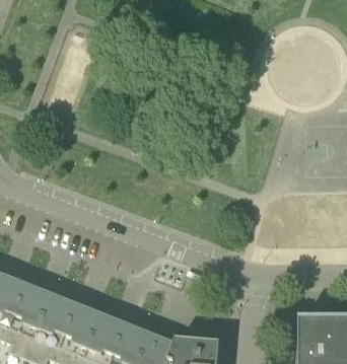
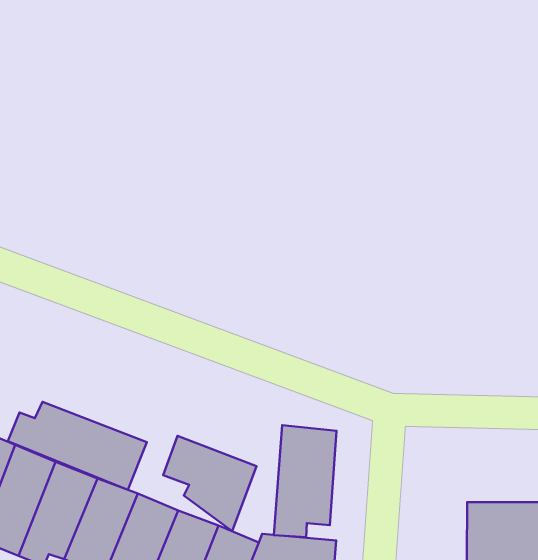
building: none -> [8,402,147,490]
building: none -> [274,425,336,537]
building: none -> [163,436,256,531]

